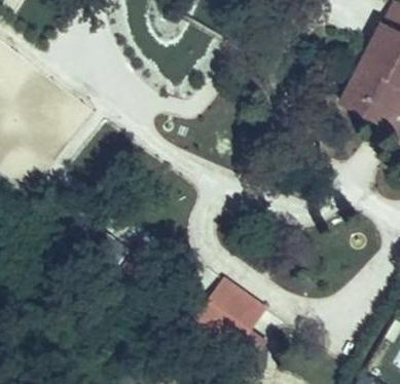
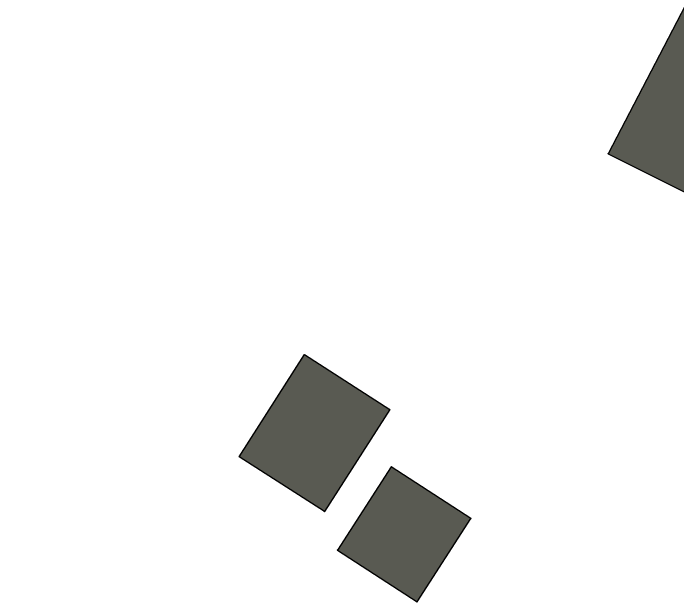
building: none -> [239,355,390,512]

